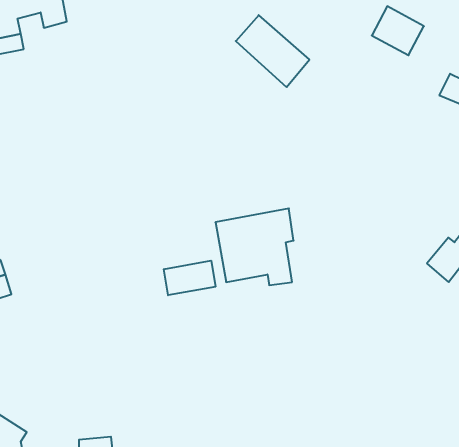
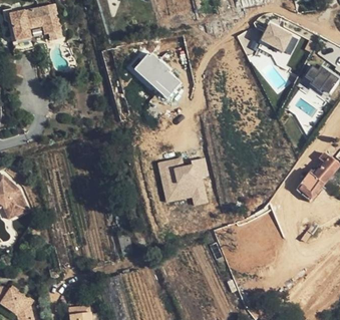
building: [236,15,309,87] -> [134,52,183,99]
building: [164,261,215,295] -> none

